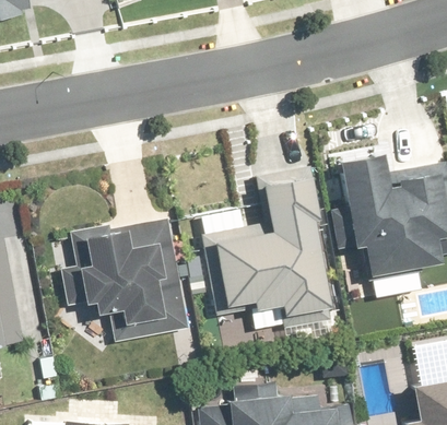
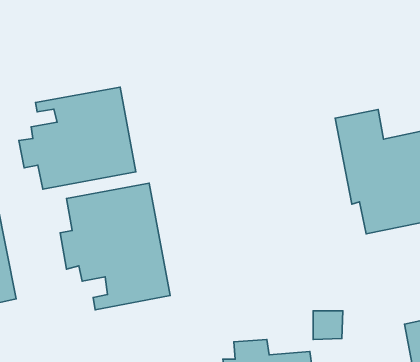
building: none -> [19,87,136,189]
building: [204,174,324,317] -> none

